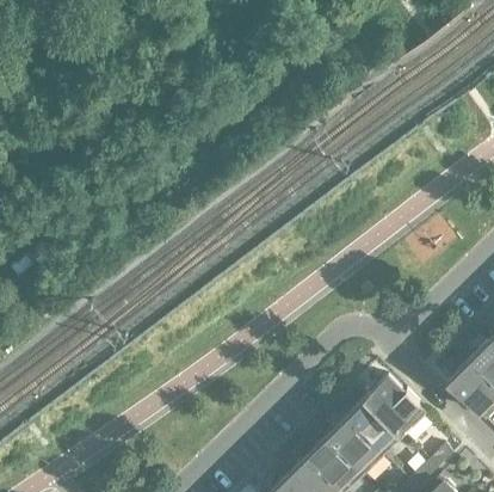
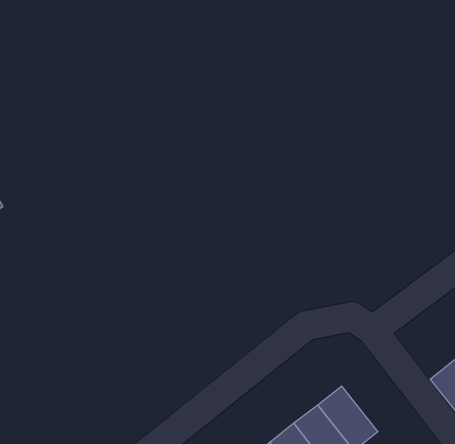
building: [366,374,426,433] -> none

